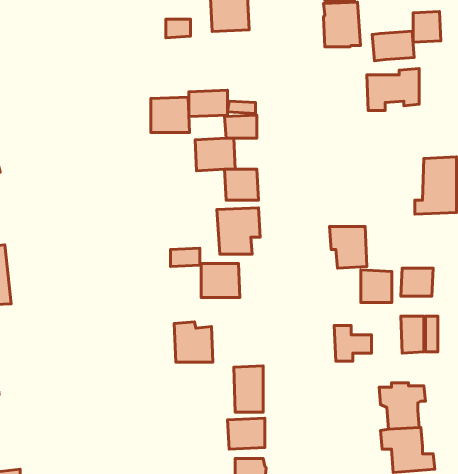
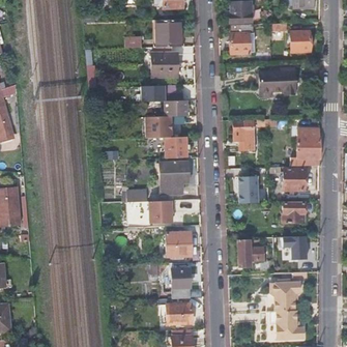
building: [372,31,414,61] -> none
building: [151,97,190,133] -> [151,53,177,77]
building: none -> [233,120,254,150]
building: [361,270,392,302] -> [285,169,306,191]
building: [174,322,213,362] -> [166,229,192,256]

